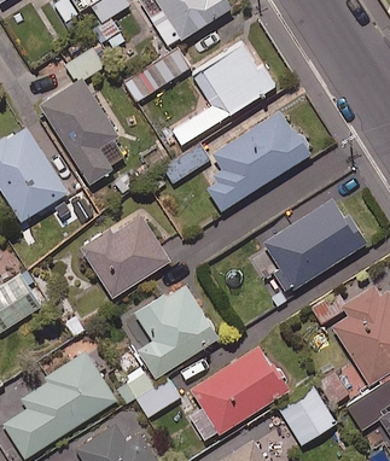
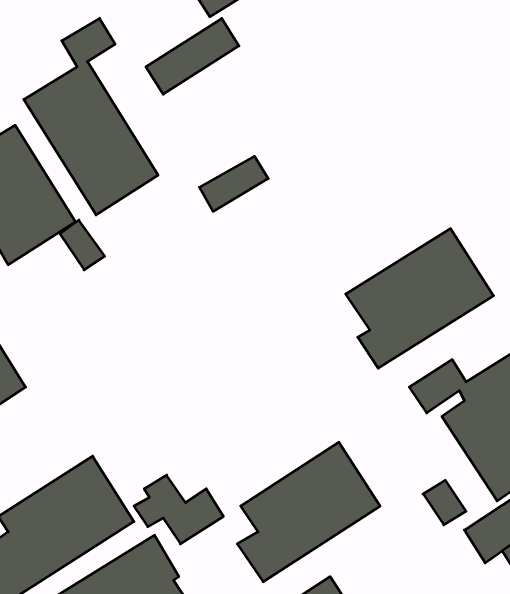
building: [169,43,274,145] -> none
building: [199,109,308,210] -> none
building: [80,211,169,297] -> none
building: [133,282,216,378] -> none
building: [277,387,333,444] -> none

